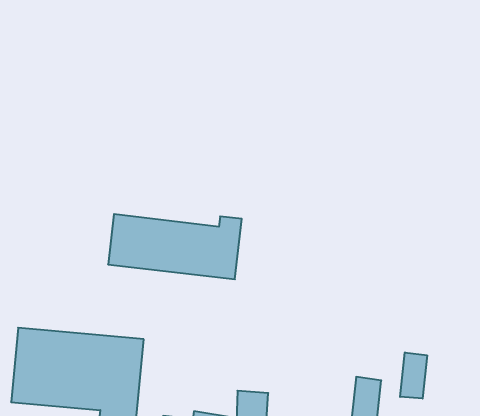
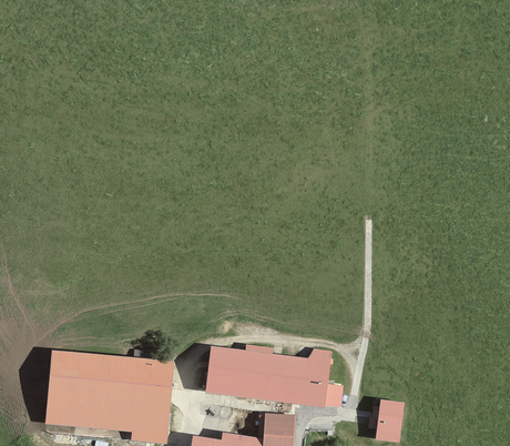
building: [108,214,242,279] -> [203,345,333,408]
building: [400,352,427,399] -> none

